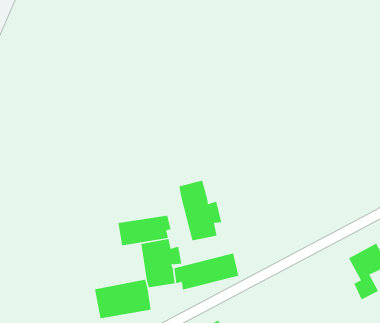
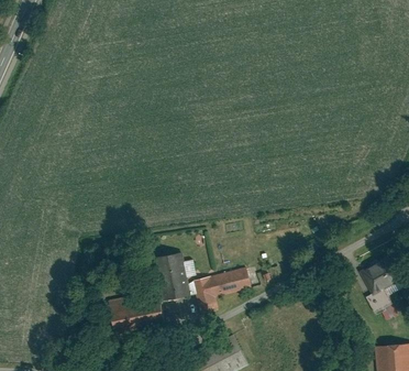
building: [179,180,222,241] -> none
building: [118,215,171,246] -> none

